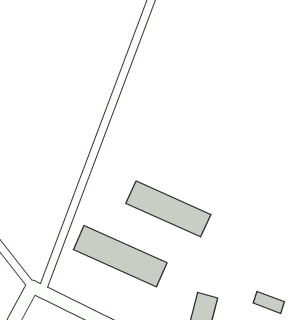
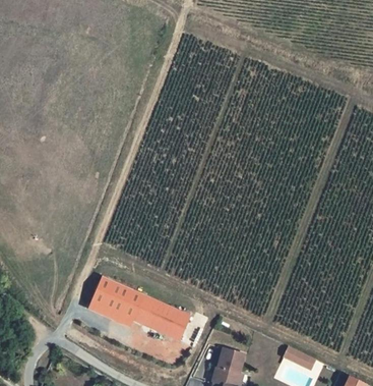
building: [126,181,211,237] -> none

